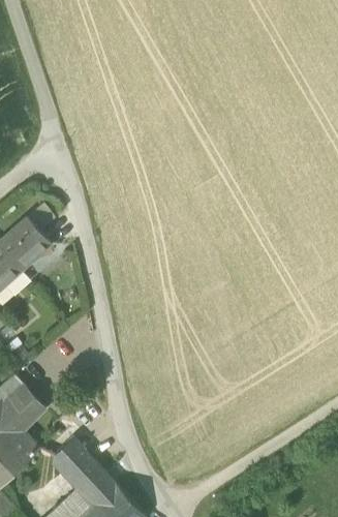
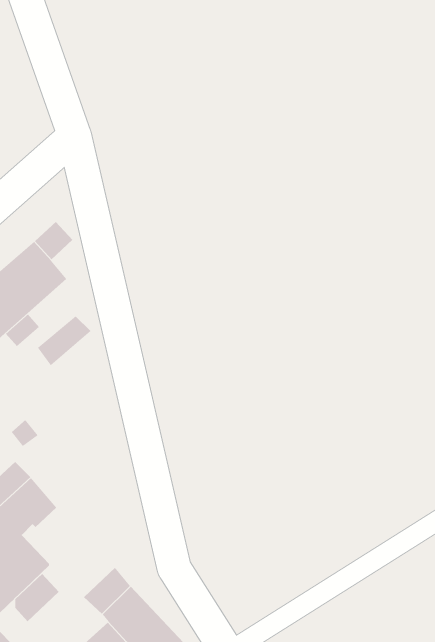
building: none -> [37,315,91,366]
building: [53,437,85,473] -> [15,573,59,622]

